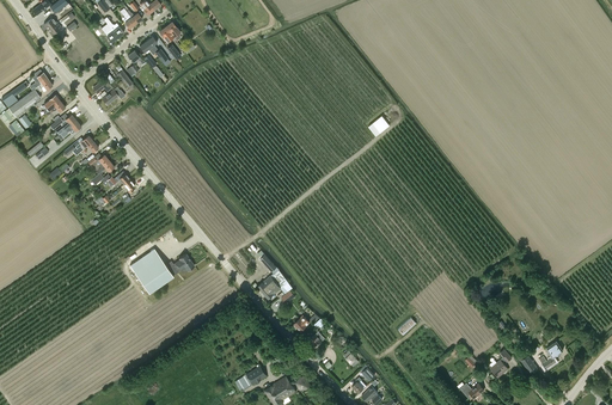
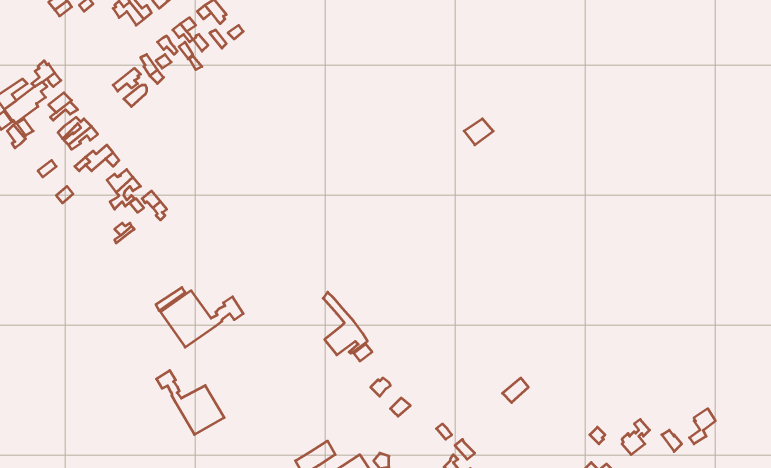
building: none -> [156,370,224,435]

